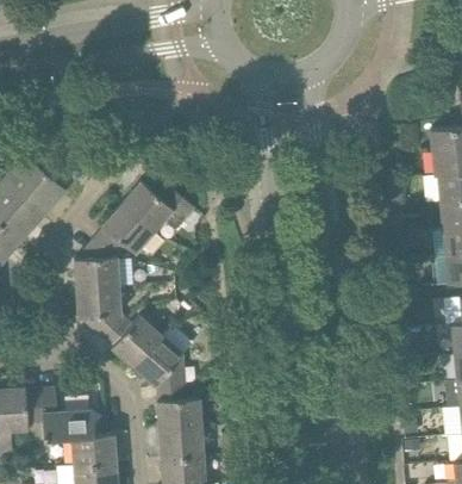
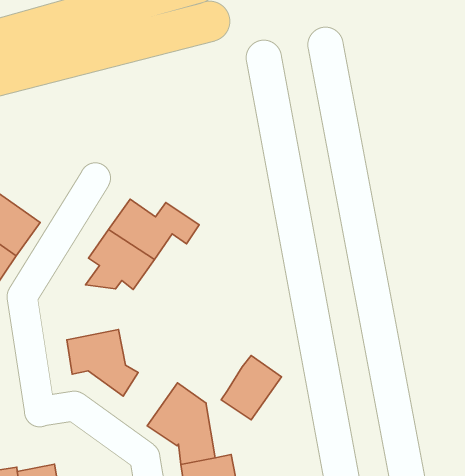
building: [75,246,121,288] -> none
building: [112,314,163,366] -> [221,355,282,420]

